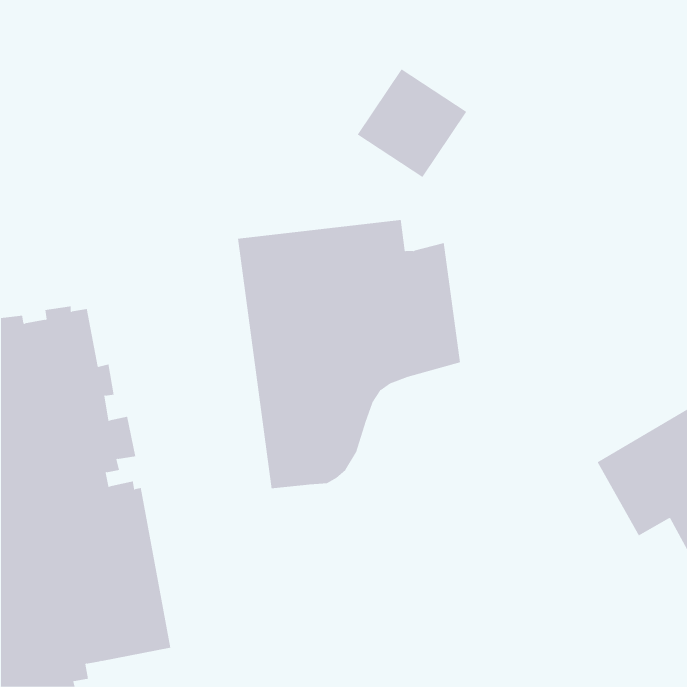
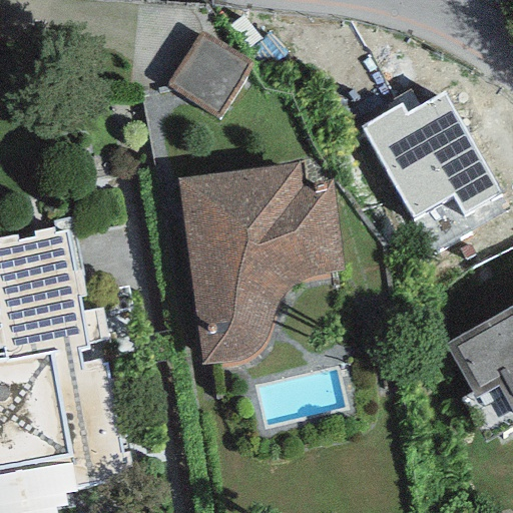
building: [357,69,467,178] -> [169,34,251,115]
building: none -> [363,91,501,217]

